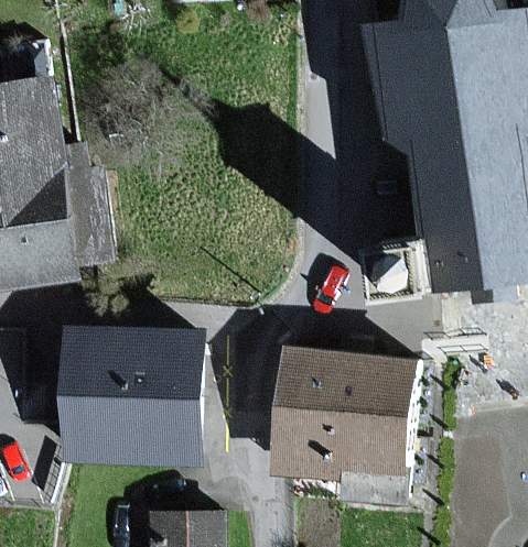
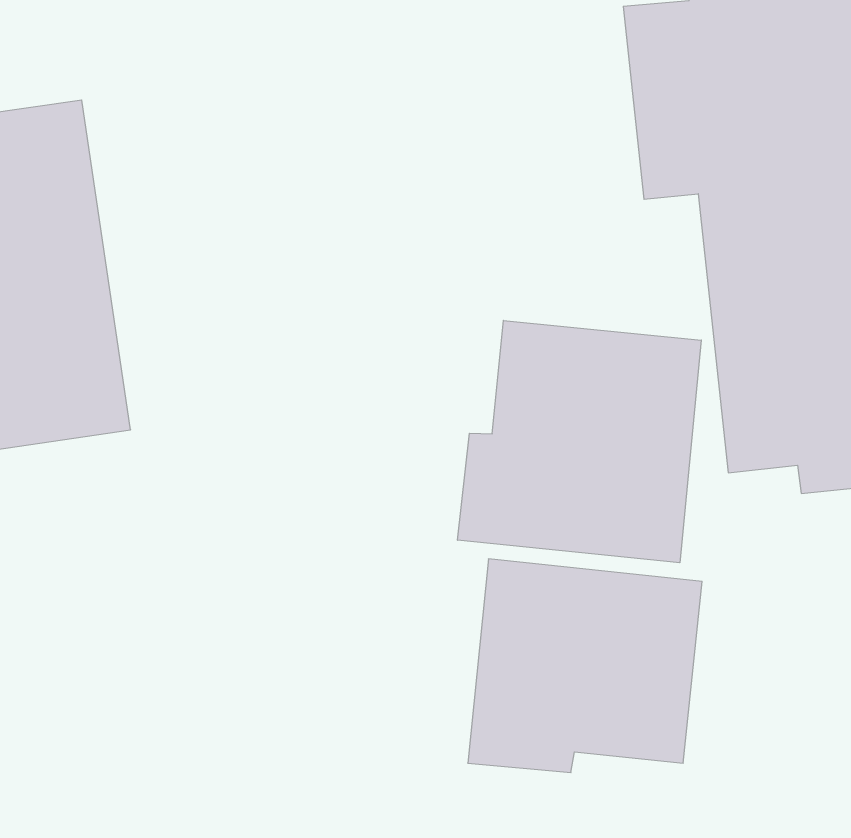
building: none -> [458,320,701,563]
building: [71,327,206,458] -> none

